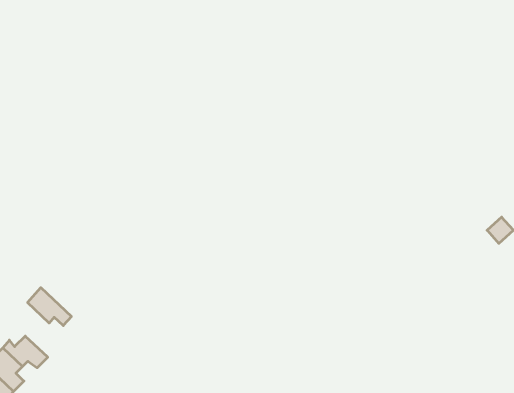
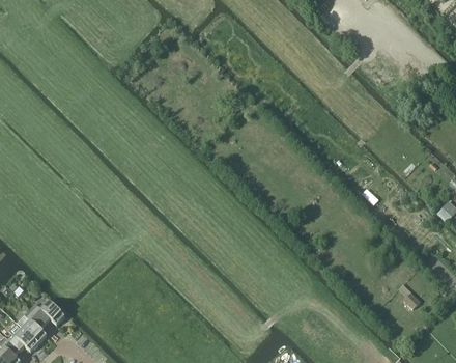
building: [28,288,71,326] -> none

